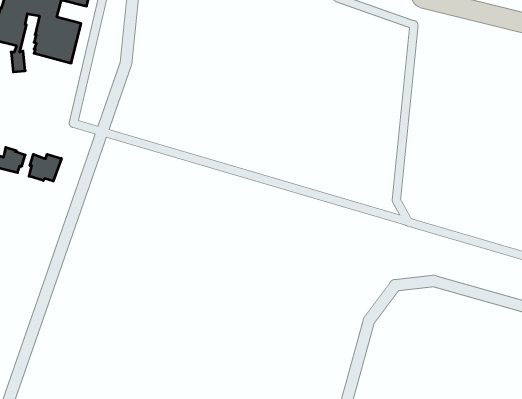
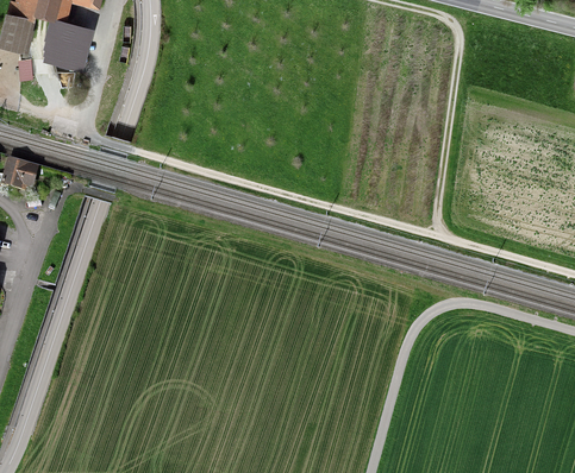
building: [29,154,61,181] -> none

